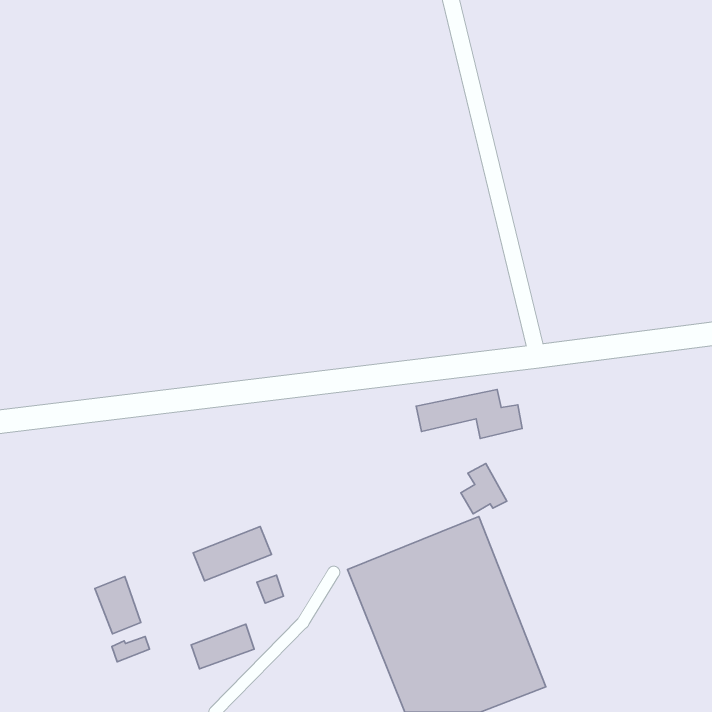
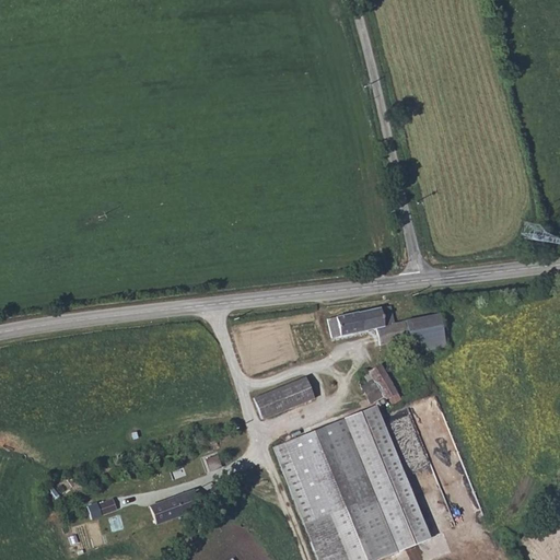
building: none -> [407,311,444,350]
building: [193,526,271,581] -> [254,376,315,419]
building: [95,576,141,634] -> none

